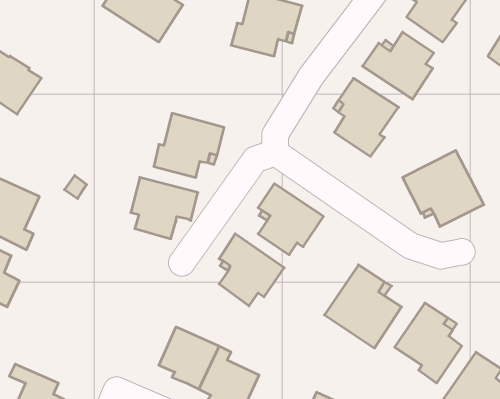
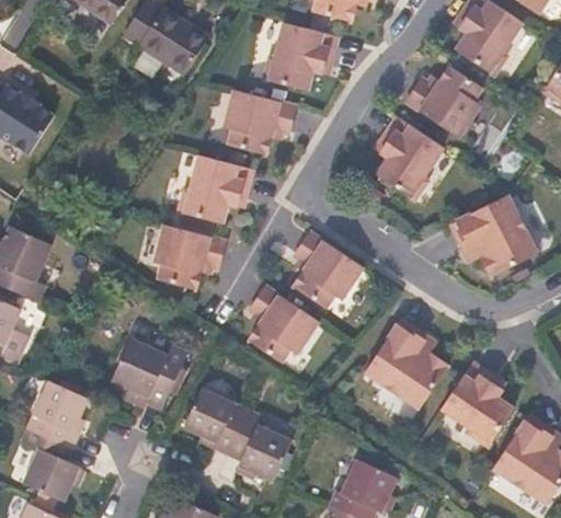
building: none -> [222,90,296,156]
building: none -> [111,337,190,411]
building: none -> [26,380,90,449]

